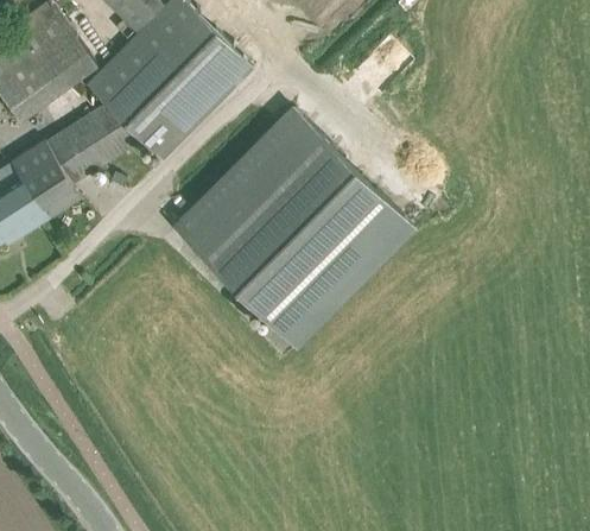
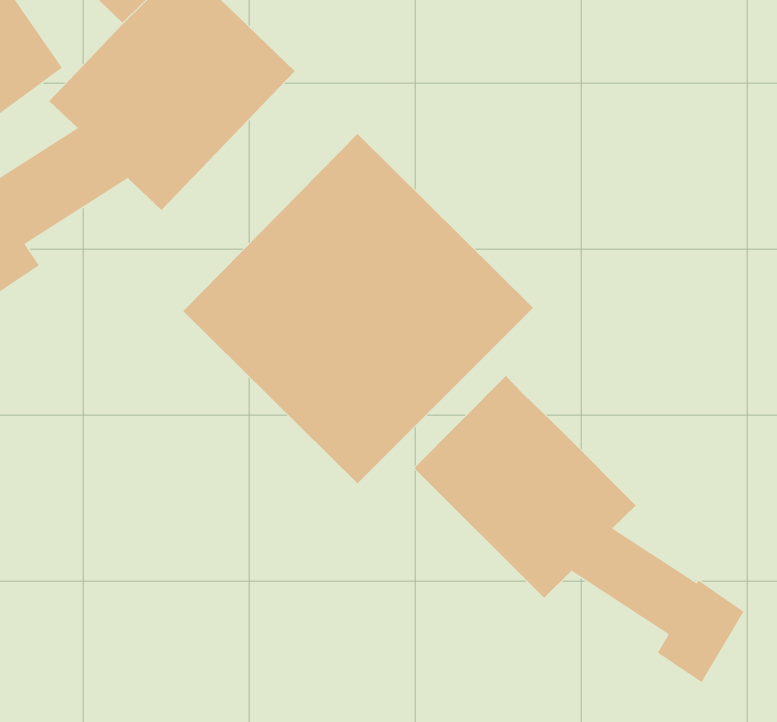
building: none -> [413,375,744,683]

